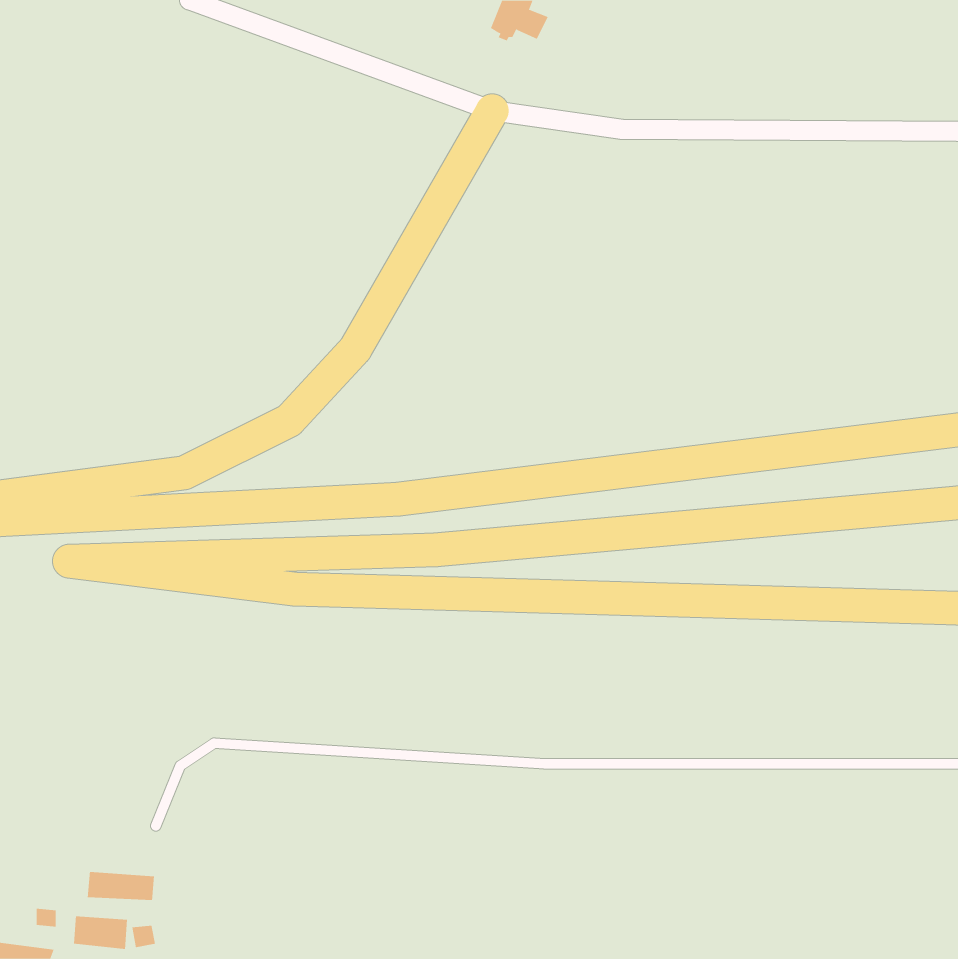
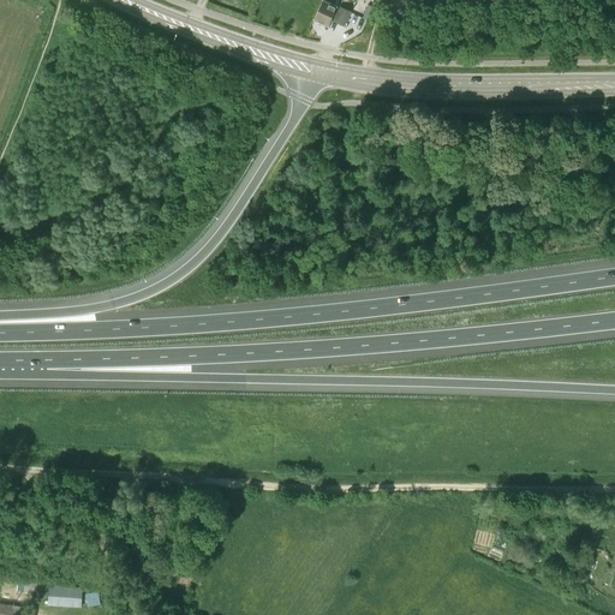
building: [87,871,155,901] -> none

